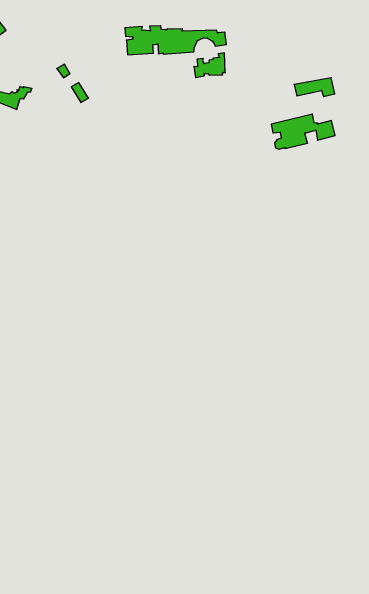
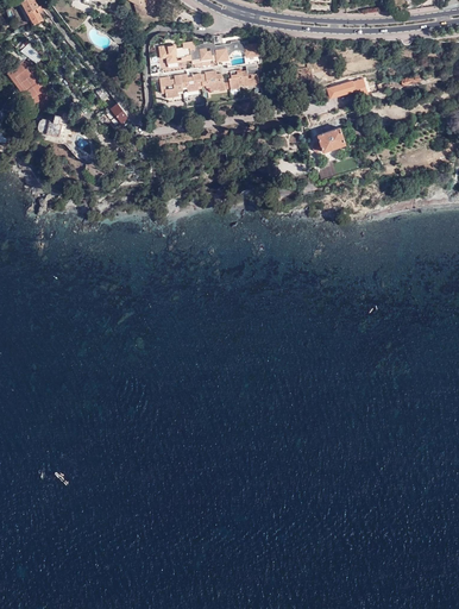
building: none -> [150,73,224,99]

